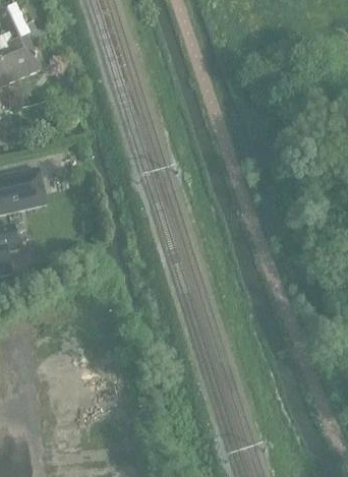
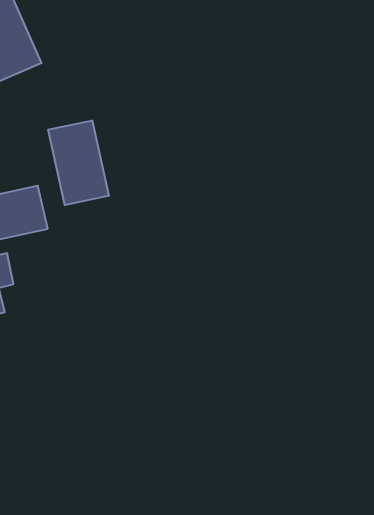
building: none -> [48,120,109,205]

